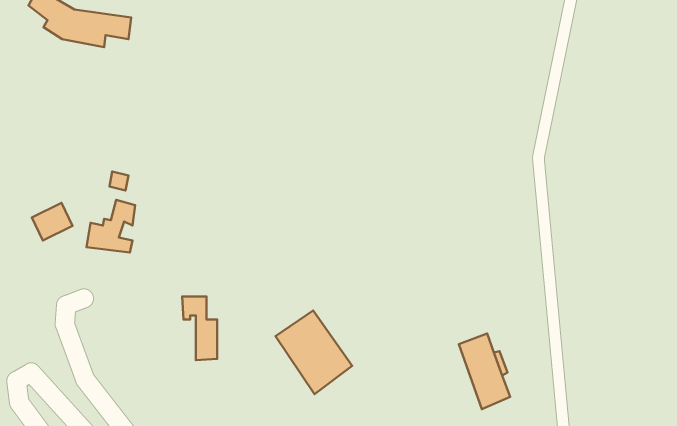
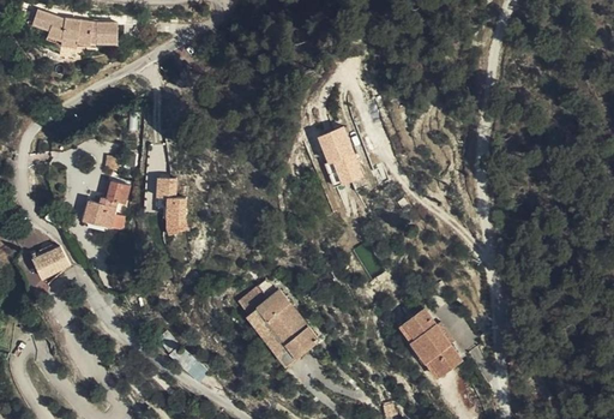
building: none -> [317,125,365,185]
building: [32,203,72,241] -> [31,243,67,276]
building: [182,297,217,360] -> [156,176,187,233]

